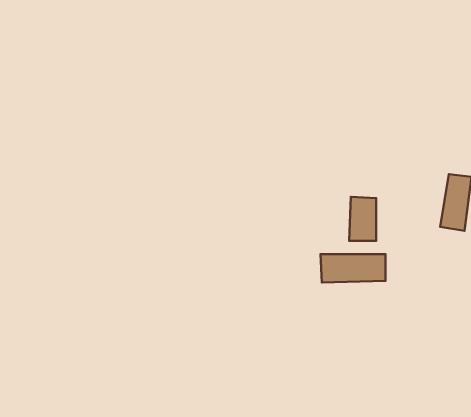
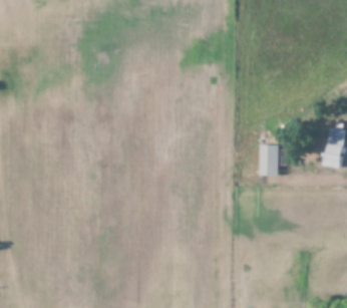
building: [321,254,386,283] -> none

